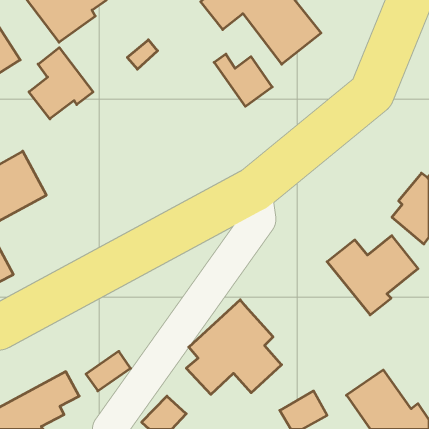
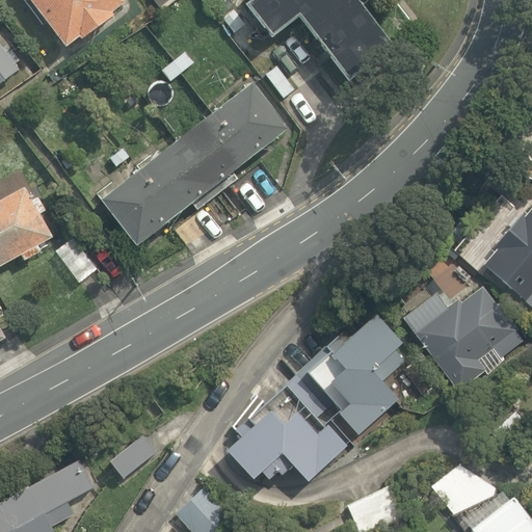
building: [29,48,93,119] -> none
building: none -> [97,81,289,247]
building: none -> [302,313,414,436]

